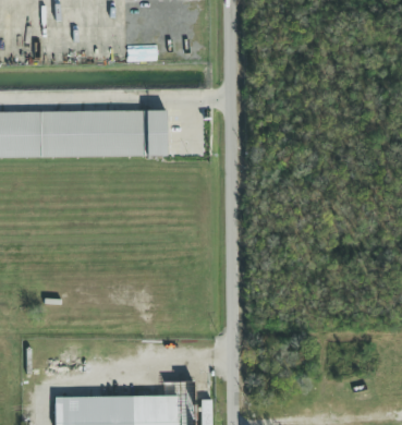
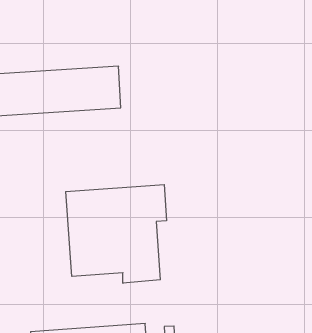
building: none -> [66,185,166,283]

